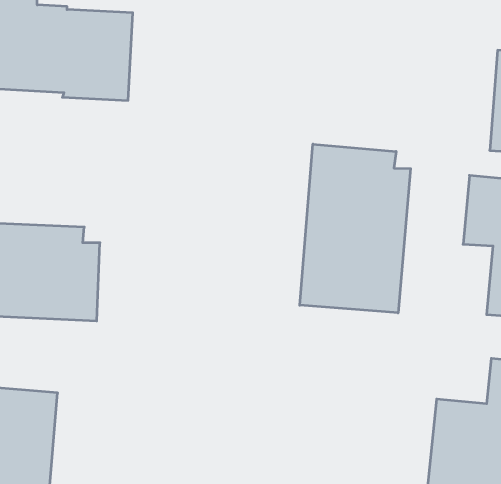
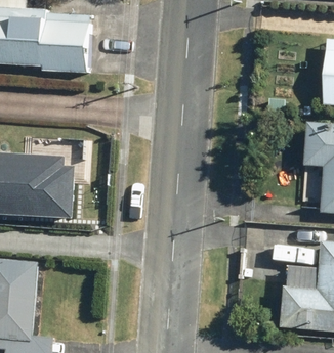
building: [300,144,411,313] -> none

